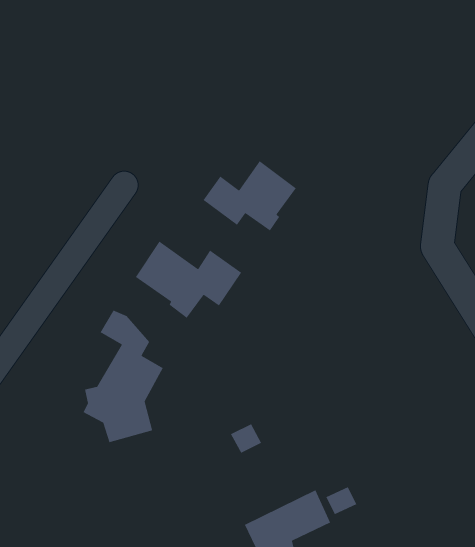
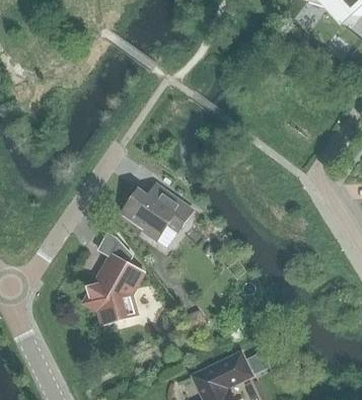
building: [203,160,297,232] -> none

